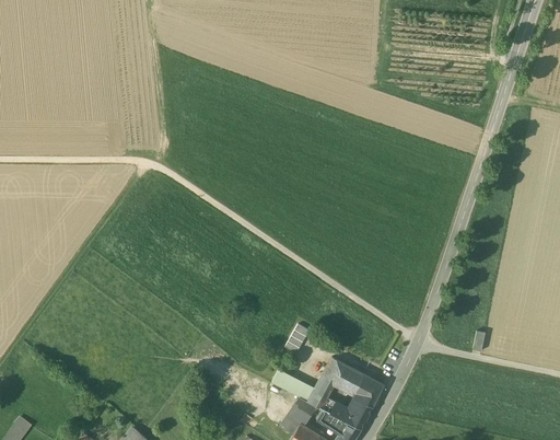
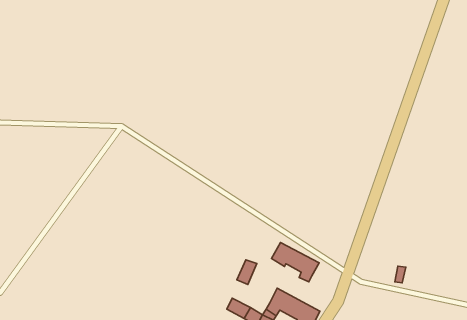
building: none -> [271,242,319,282]

